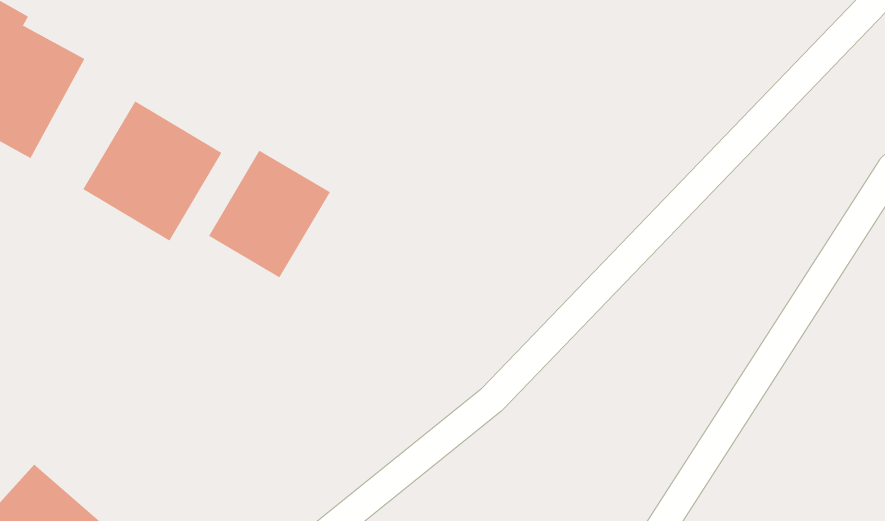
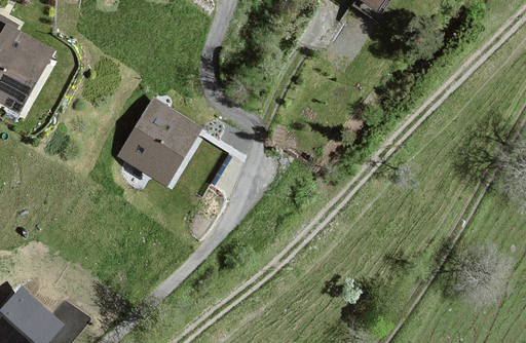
building: [82,100,222,241] -> none

